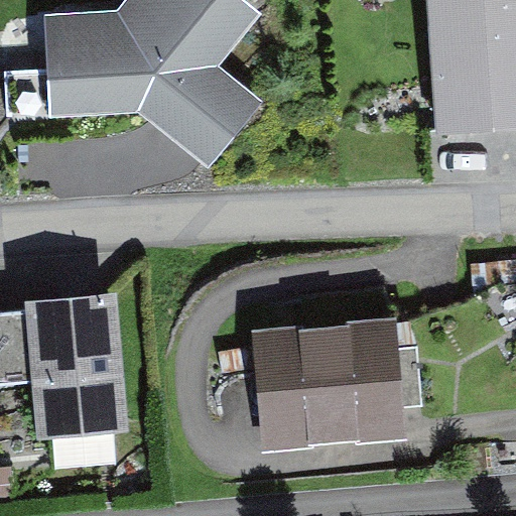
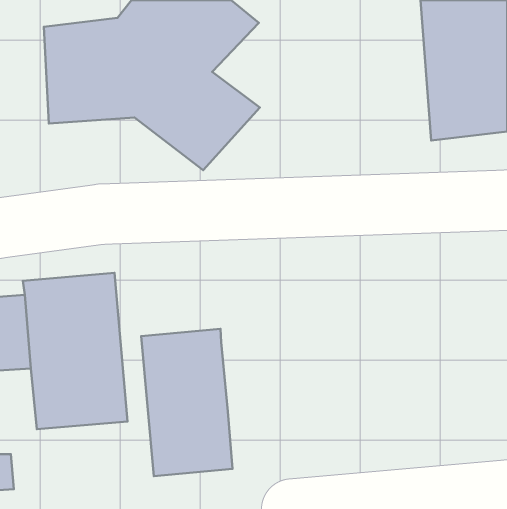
building: [253,304,402,442] -> none
building: none -> [141,329,232,476]

